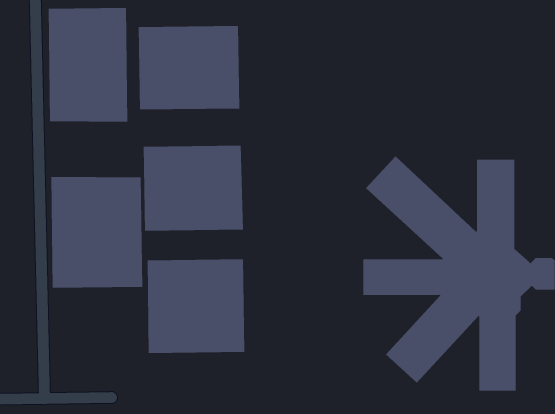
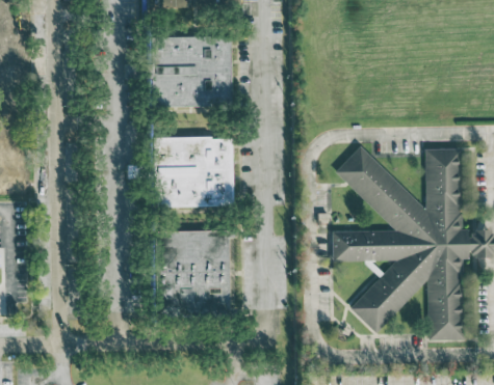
building: [48,7,128,123] -> none
building: [51,176,143,289] -> none

